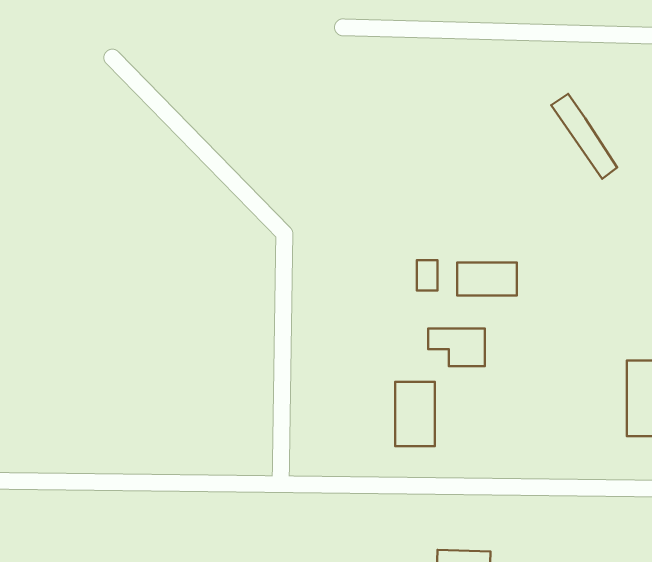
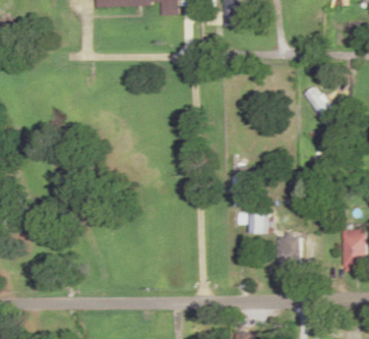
building: [457,263,517,295] -> none
building: [395,382,435,446] -> [279,235,300,270]

